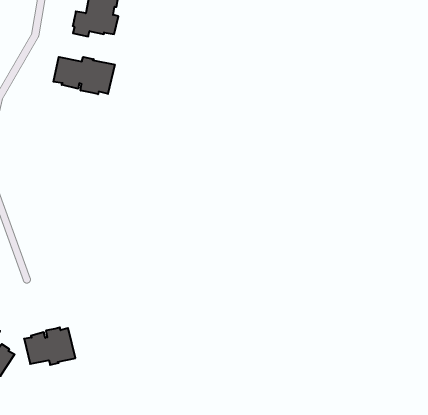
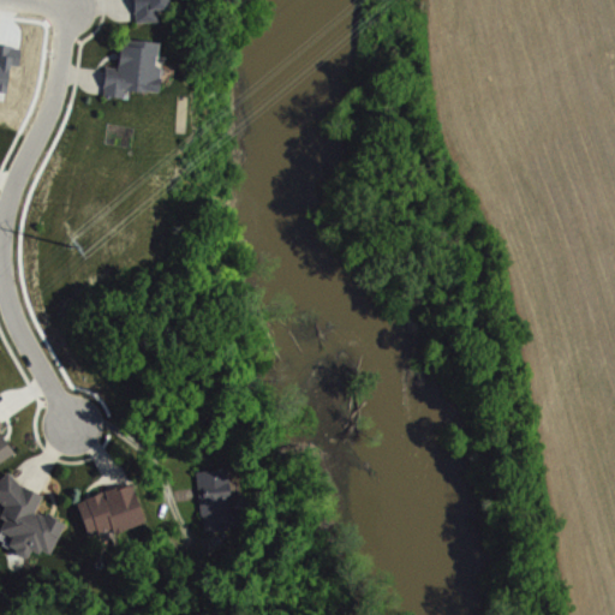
building: [53,57,115,94] -> none
building: none -> [195,470,237,533]

